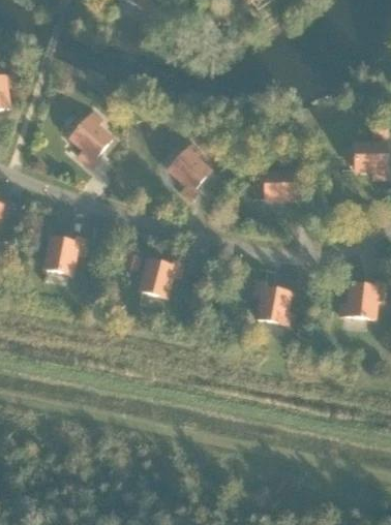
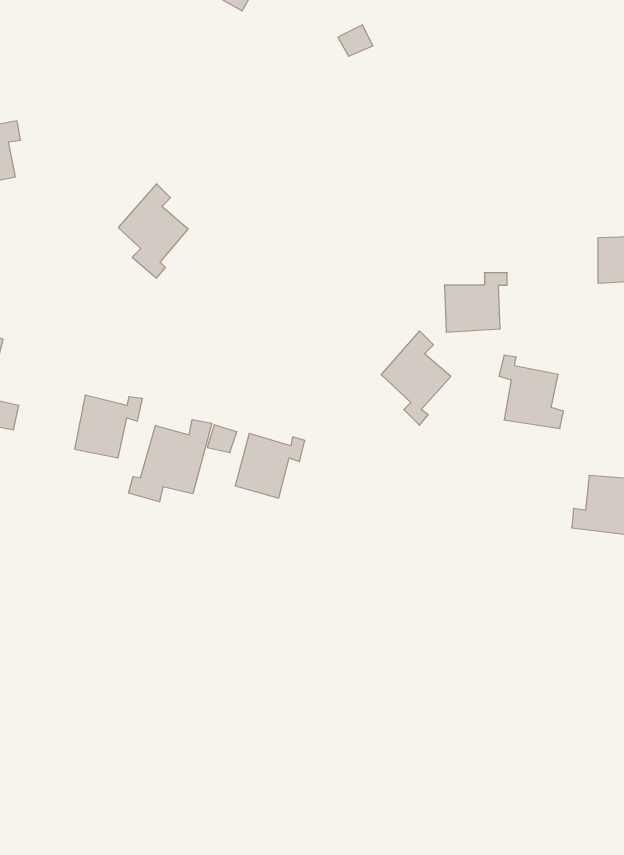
building: [169,143,210,198] -> [381,331,451,425]
building: none -> [129,420,212,502]
building: [254,280,293,323] -> [499,355,563,429]

